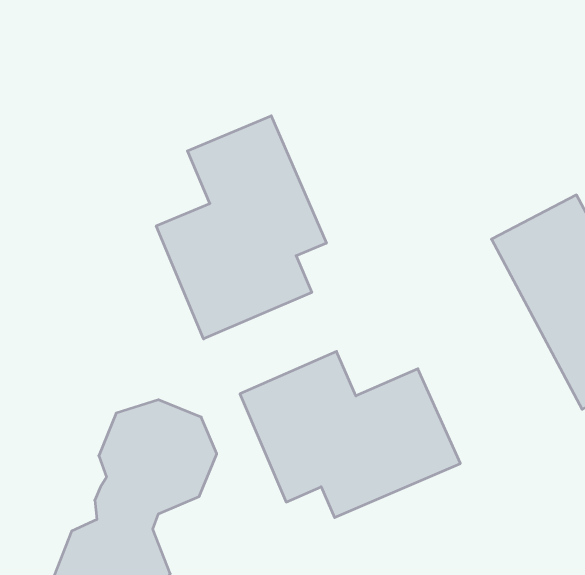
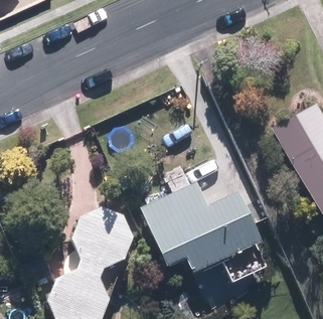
building: [156,116,326,339] -> none

